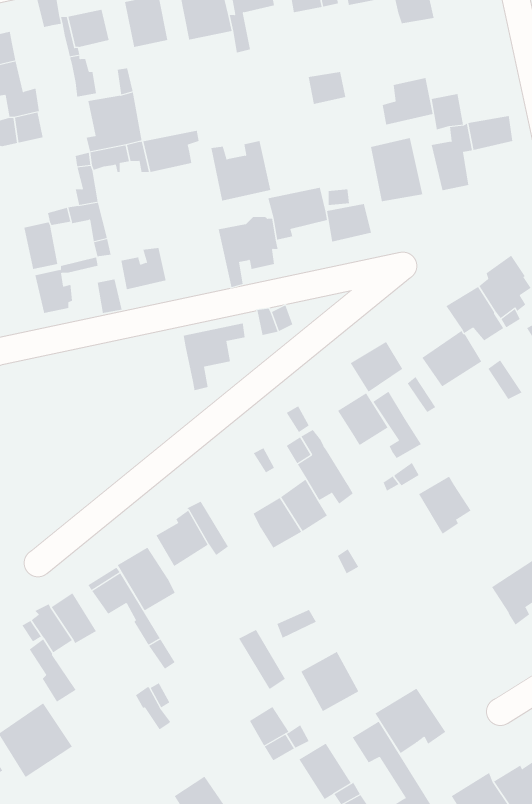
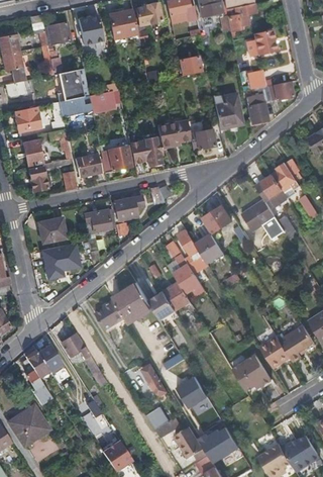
building: [382,77,433,125] -> [247,29,276,56]
building: [211,141,271,201] -> [98,138,131,172]
building: none -> [14,106,38,132]
building: none -> [83,208,115,252]
building: none -> [37,217,66,244]
building: [372,391,422,459] -> [177,228,204,266]
building: none -> [43,252,71,276]
building: [418,476,472,534] -> [259,336,289,368]
building: [117,547,175,611] -> [120,283,152,318]
building: [374,688,446,754] -> [232,355,272,391]

